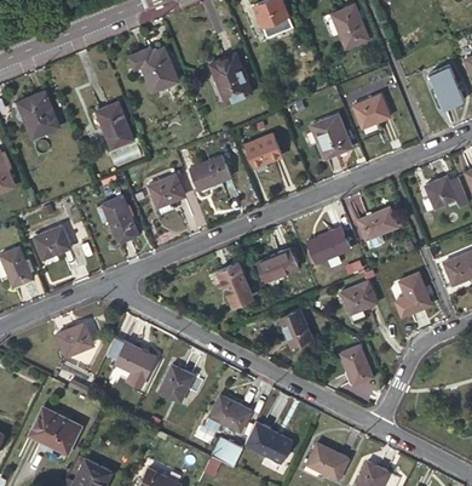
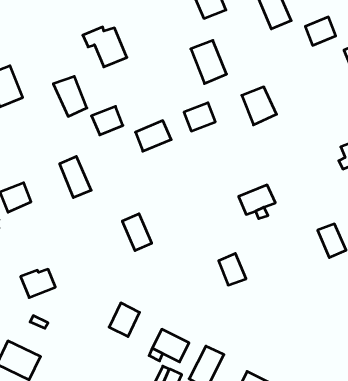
building: [211,53,252,103] -> [191,40,227,84]
building: [353,95,388,127] -> [305,17,336,45]
building: [146,173,183,206] -> [91,106,123,135]
building: [358,207,397,239] -> none
building: [257,248,298,281] -> none
building: [217,261,251,303] -> [122,214,152,251]
building: [340,280,376,313] -> none
building: [105,336,155,387] -> none
building: [344,342,373,382] -> none

